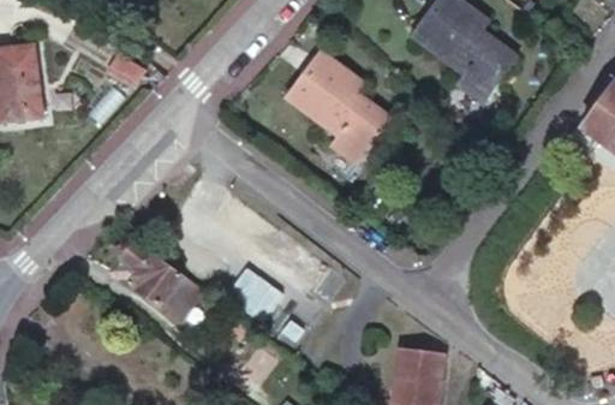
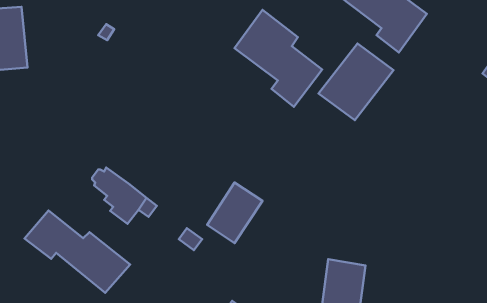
building: none -> [319,44,394,120]
building: none -> [25,210,130,293]

